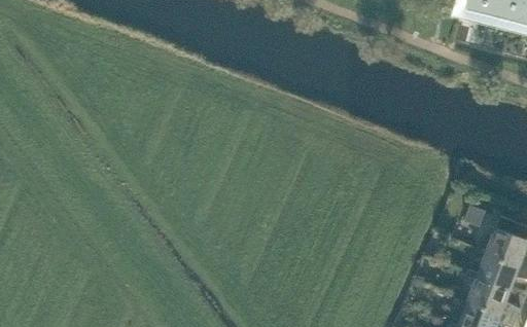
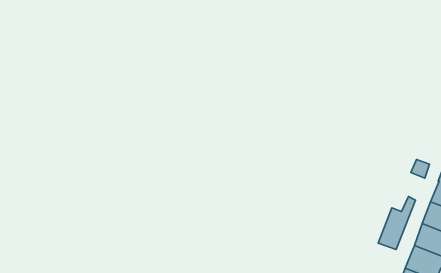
building: none -> [378,197,415,250]

